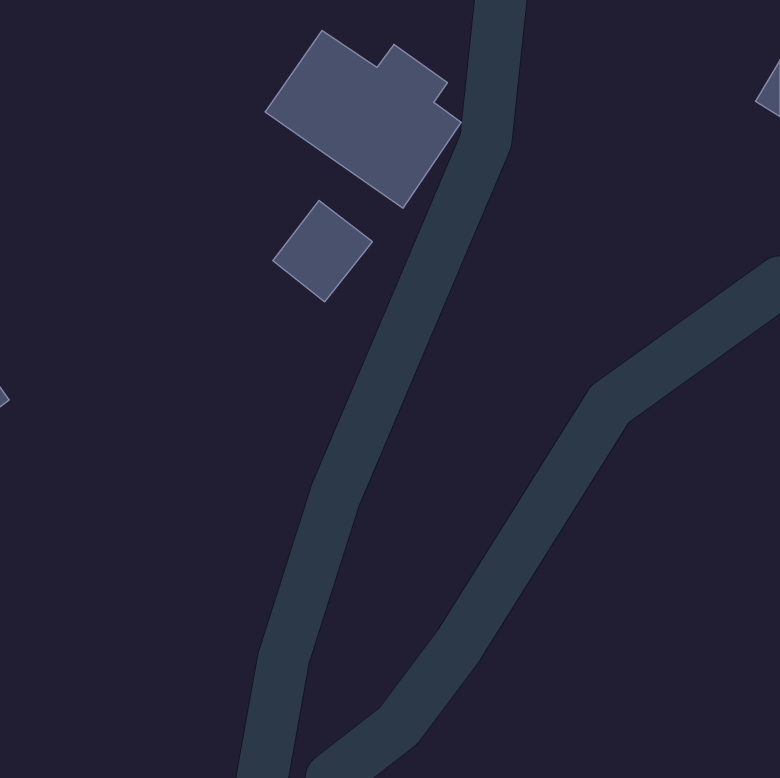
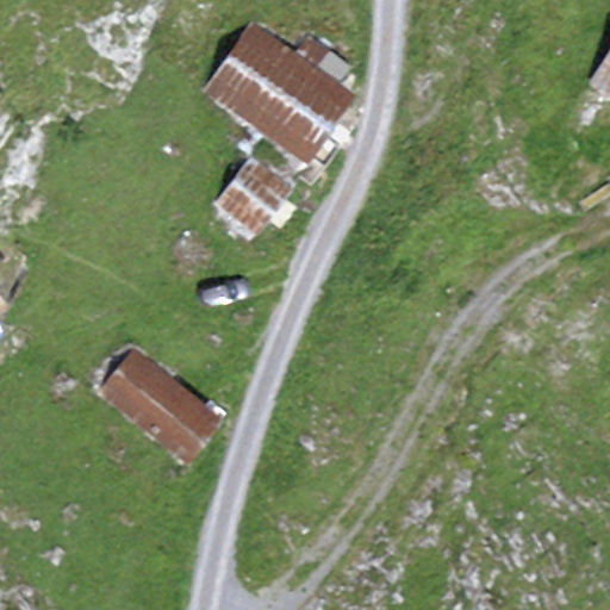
building: none -> [95,347,222,466]

